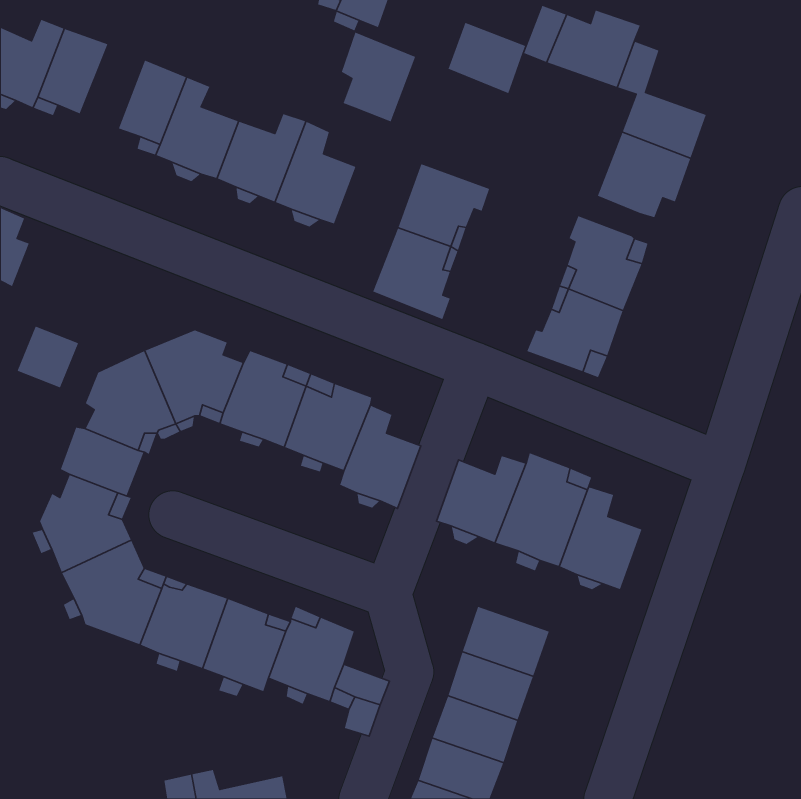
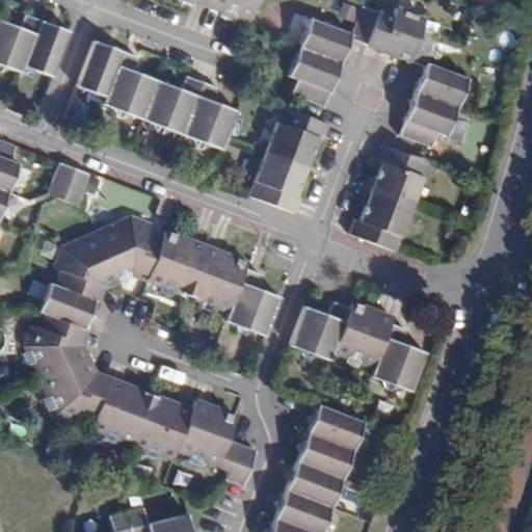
building: [341,31,416,122] -> [288,46,338,106]
building: [16,326,79,388] -> [49,162,90,204]

